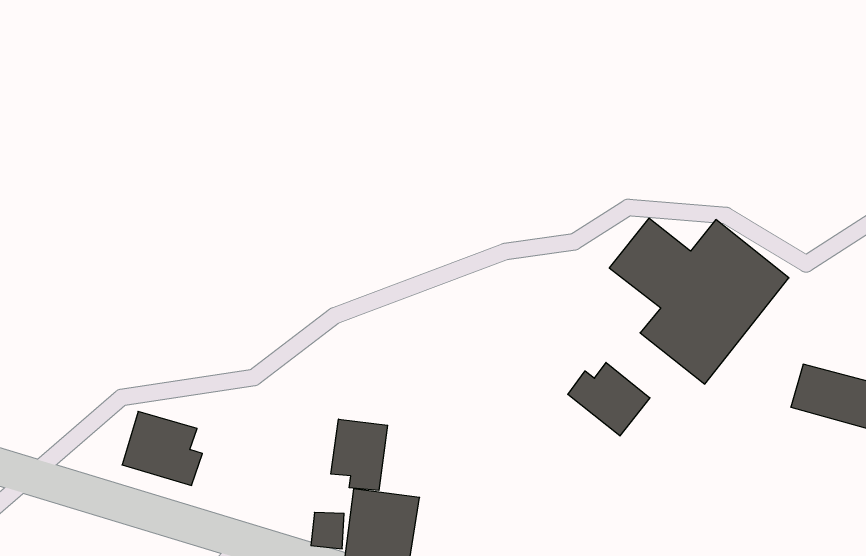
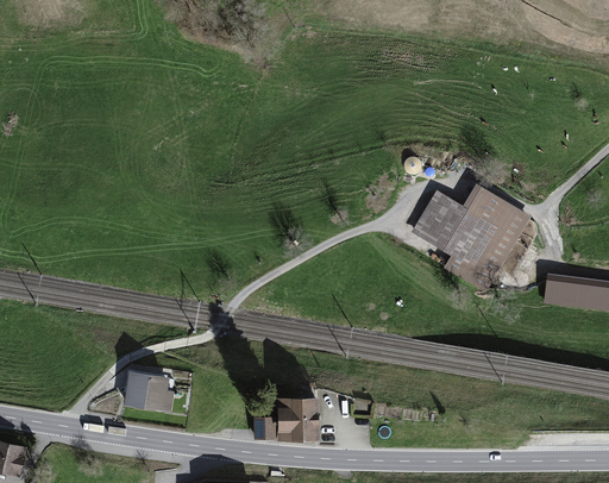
building: [568,362,650,436] -> none
building: [331,419,388,490] -> none

